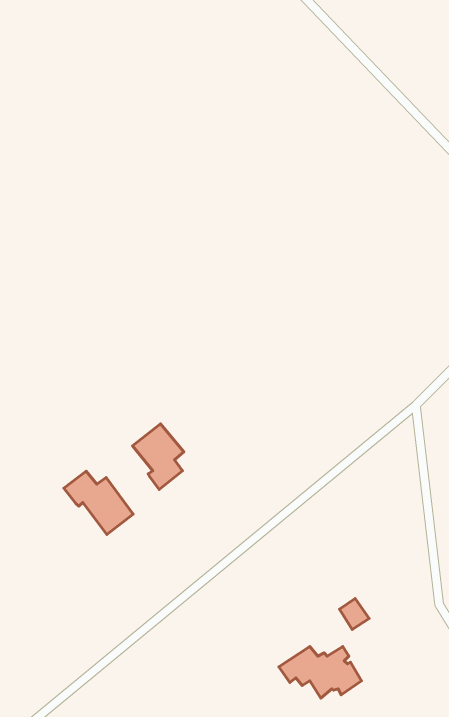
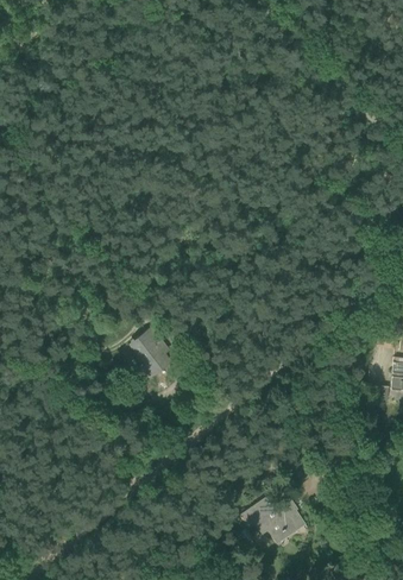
building: [64,471,133,535] -> none

